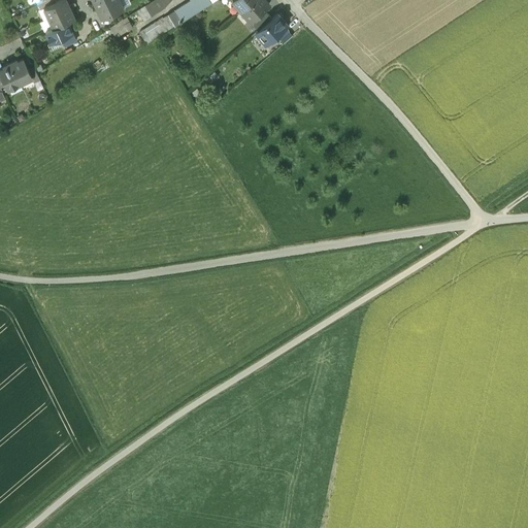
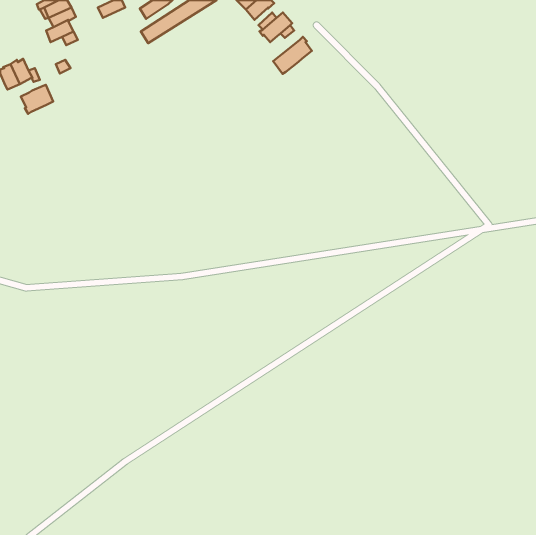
building: none -> [273,37,312,74]
building: none -> [21,85,53,114]

